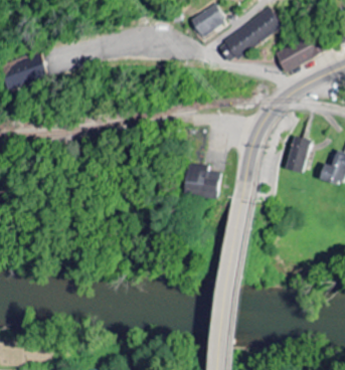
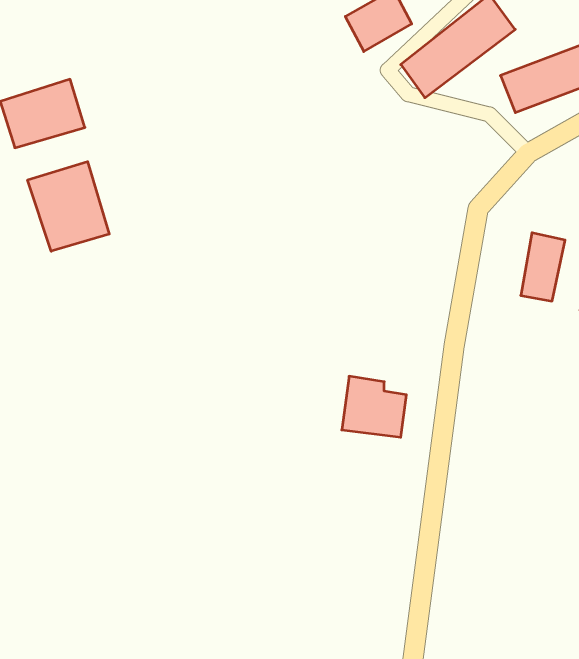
building: none -> [28,162,109,251]
building: [187,164,222,197] -> [342,376,406,437]

